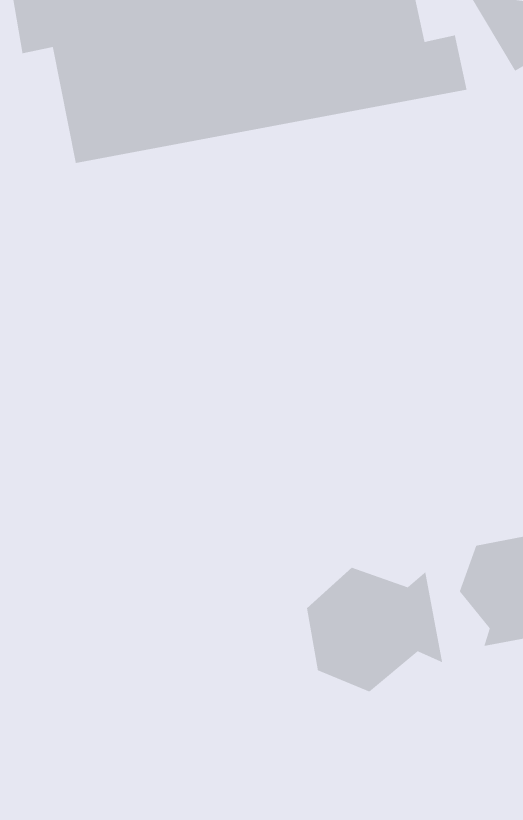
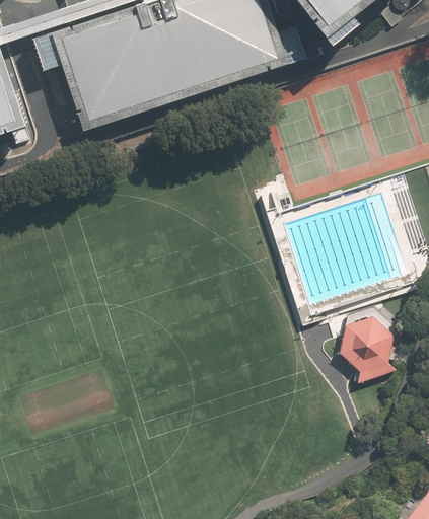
building: [306,567,443,692] -> none

